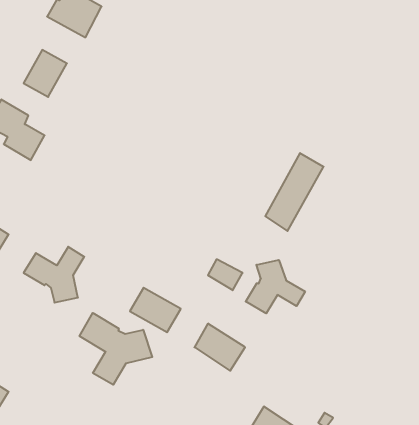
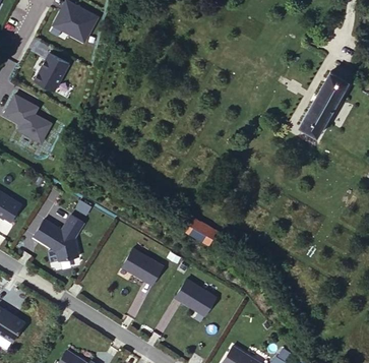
building: [265,153,324,231] -> [299,71,347,135]
building: [246,260,305,313] -> none
building: [80,313,152,385] -> none

